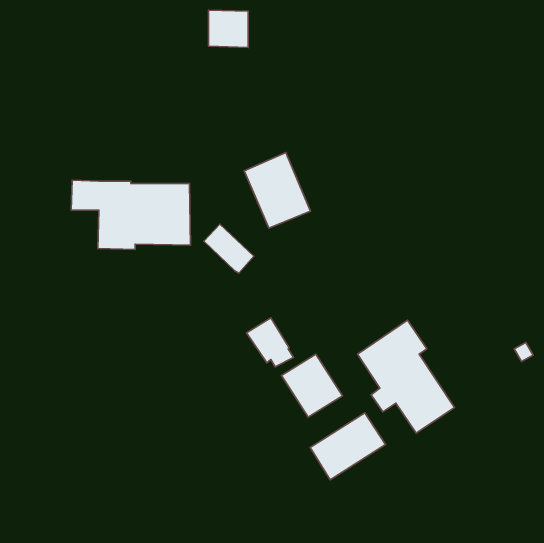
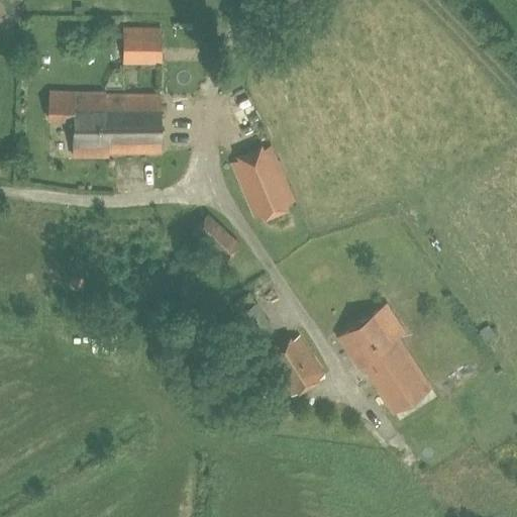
building: [209,10,248,47] -> [124,28,162,64]
building: [71,180,191,250] -> [48,92,162,158]
building: [310,413,385,480] -> none

